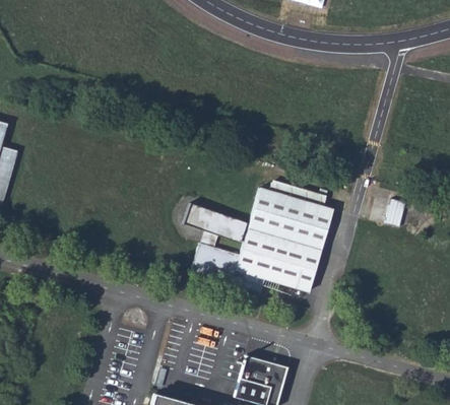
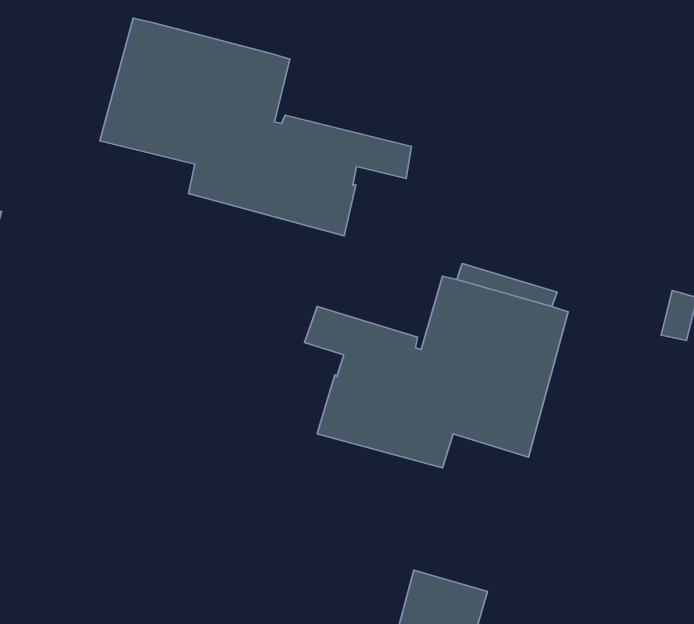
building: none -> [100,18,411,236]

